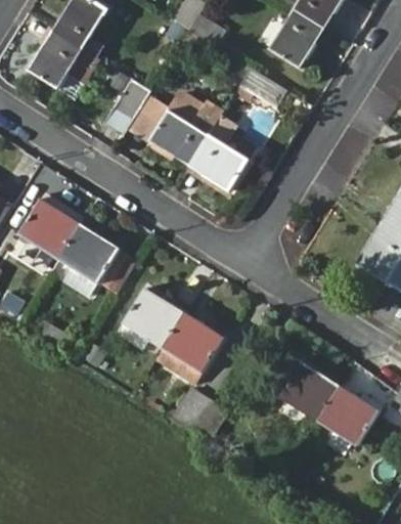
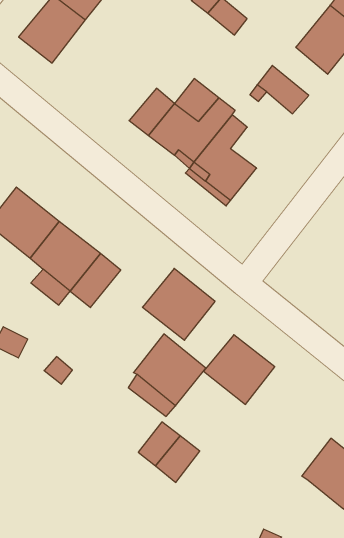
building: [113,77,150,120] -> none
building: [122,287,184,348] -> [142,268,215,340]
building: [278,361,340,421] -> [203,335,275,404]

